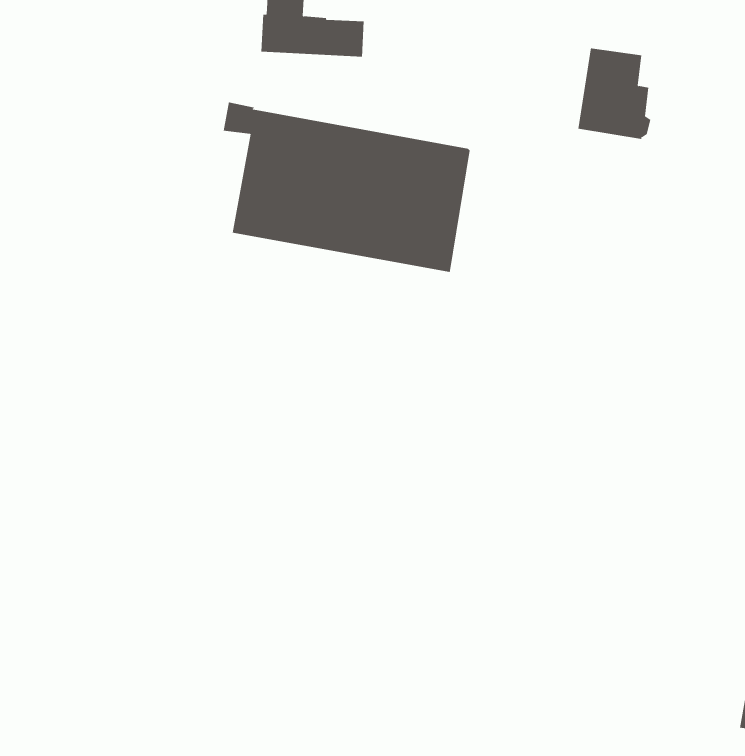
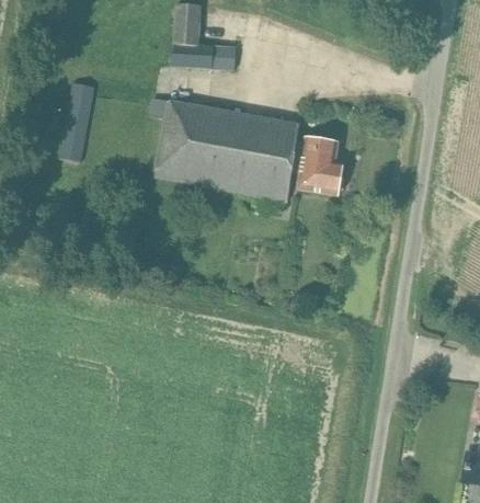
building: [578,48,651,139] -> [297,138,342,194]
building: none -> [58,82,94,162]

